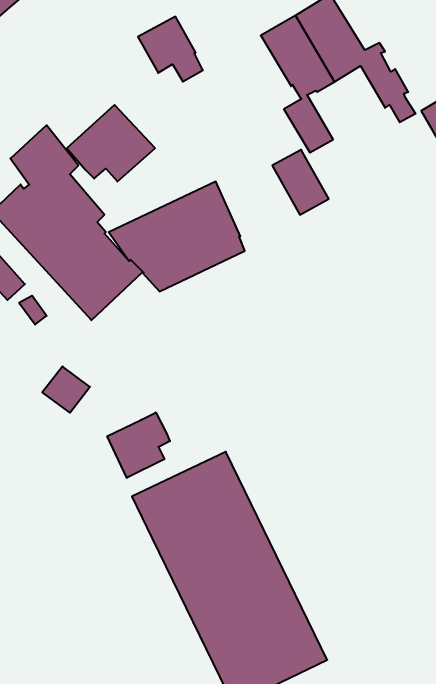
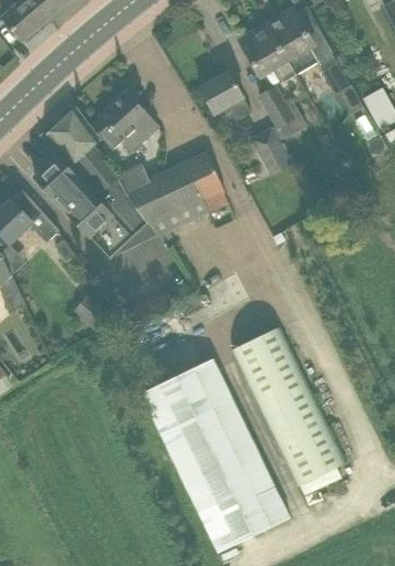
building: [138,17,203,82] -> [200,72,250,122]
building: none -> [230,327,345,488]
building: [107,412,170,478] -> none

